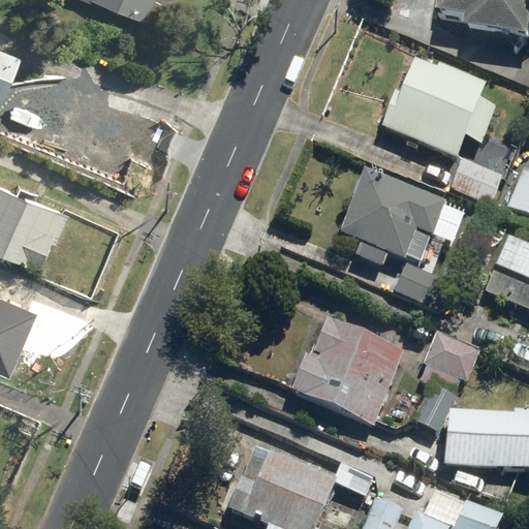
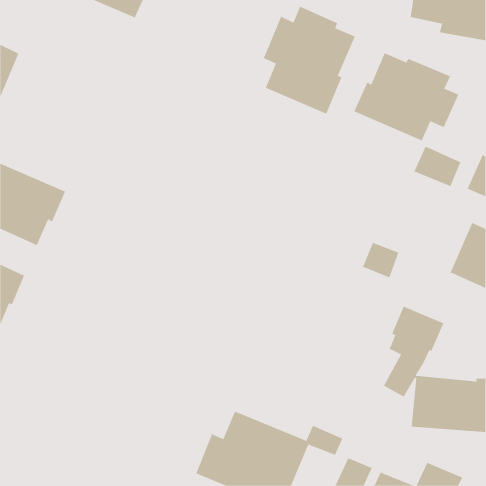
building: none -> [263,6,356,114]
building: [339,168,445,262] -> none
building: [294,325,407,431] -> none

